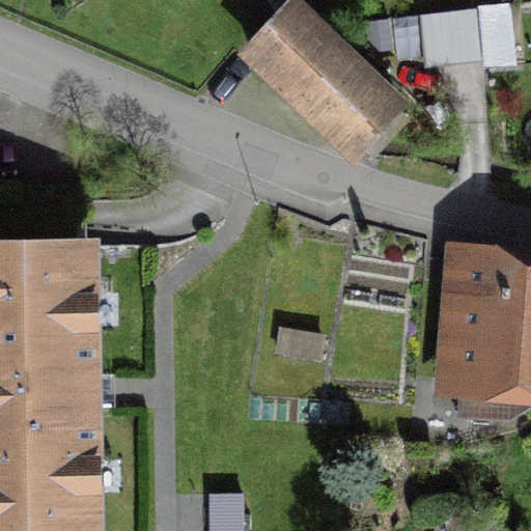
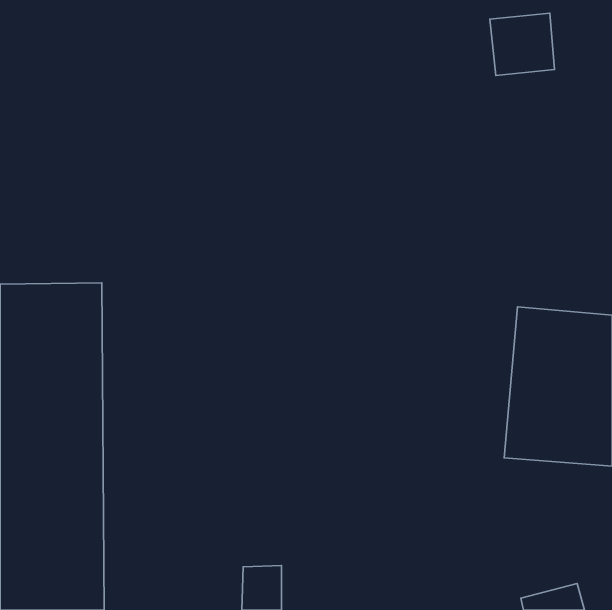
building: [263,7,420,162] -> none

